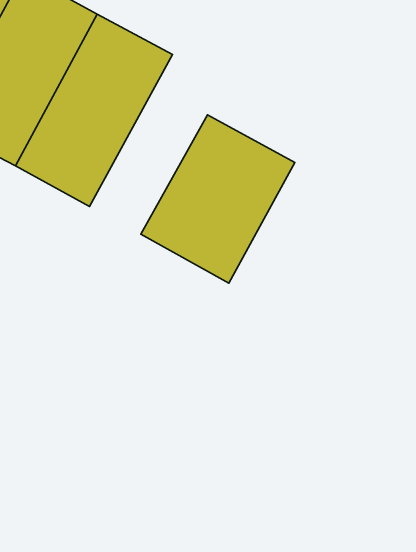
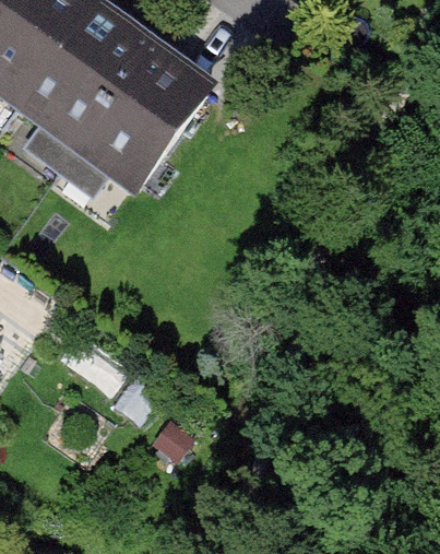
building: [141,115,295,283] -> none

